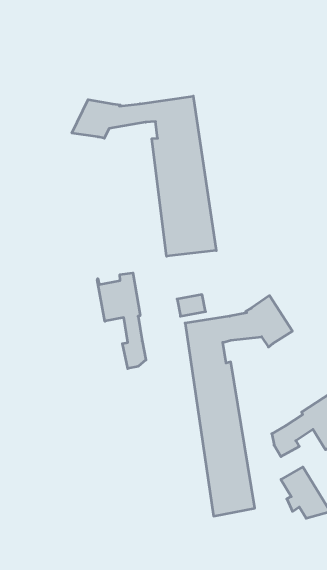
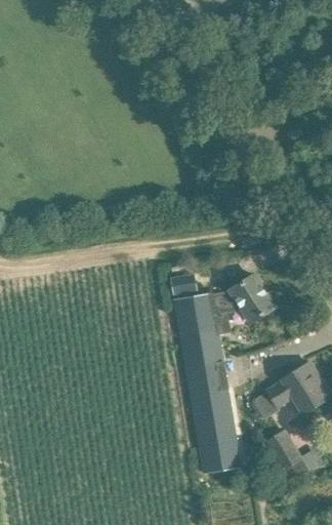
building: [72,96,216,256] -> none
building: [97,273,146,369] -> none

